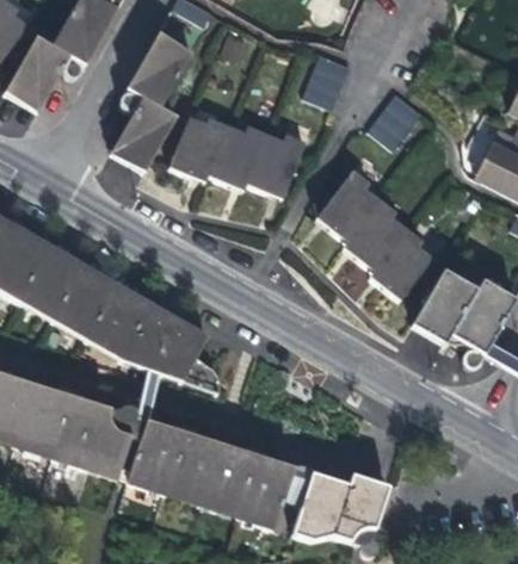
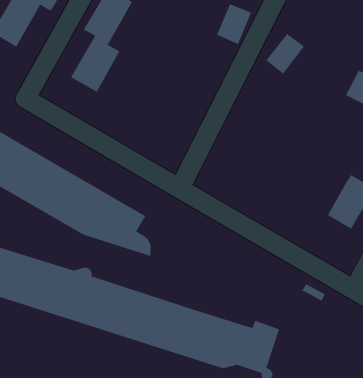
building: [169,117,307,196] -> none
building: [315,169,432,299] -> none
building: [412,269,477,343] -> none

